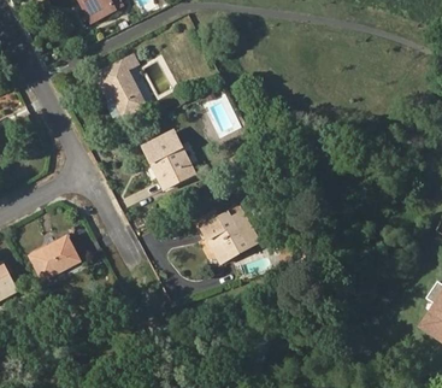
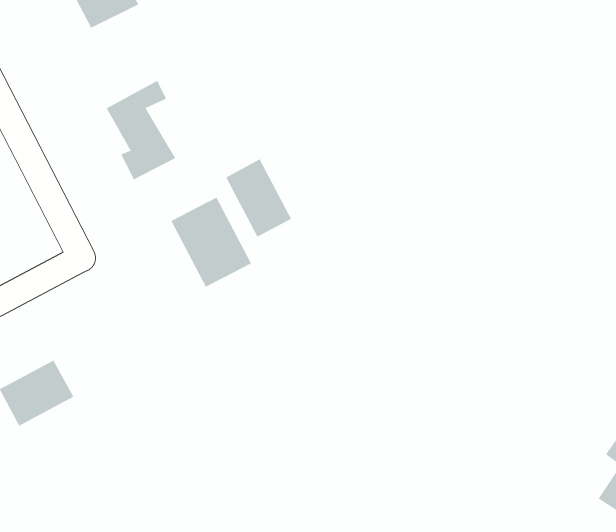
building: none -> [225,159,292,238]
building: [199,211,259,263] -> none

